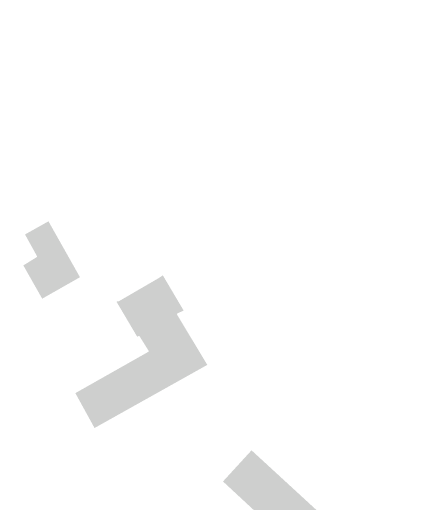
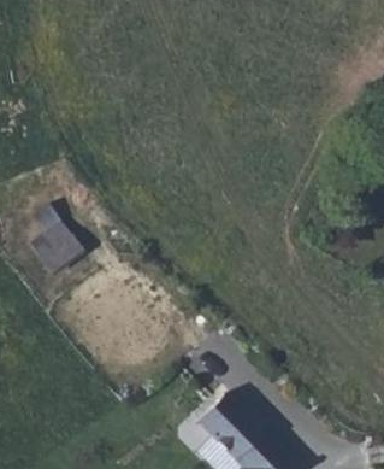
building: [74,274,208,429] -> none

